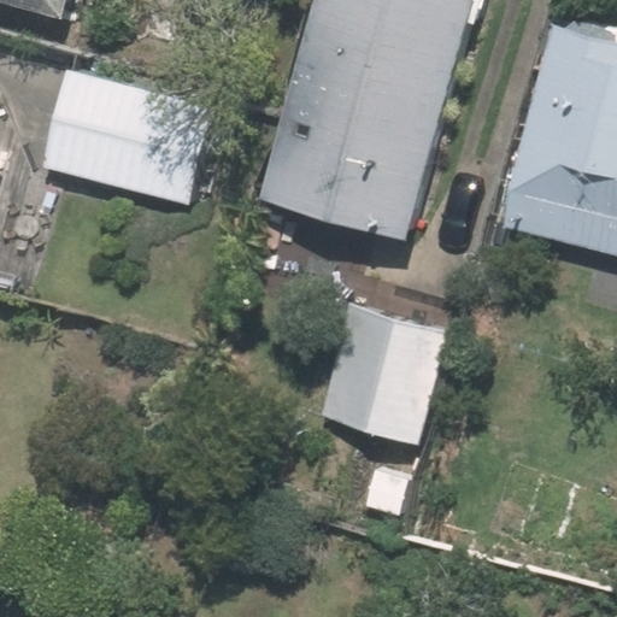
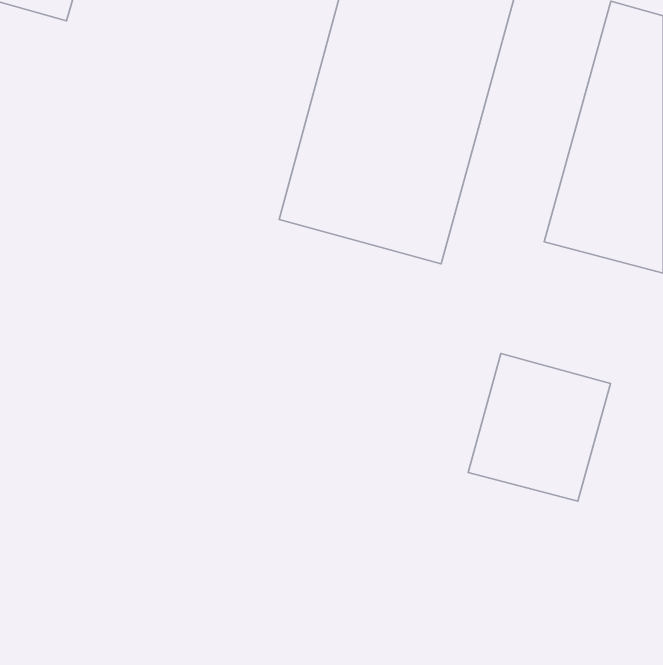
building: [45,71,210,204] -> none
building: [321,304,452,440] -> [468,353,610,501]

